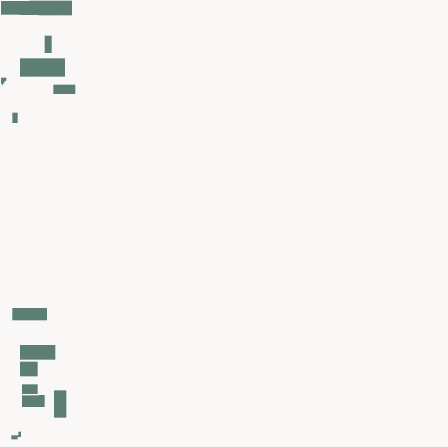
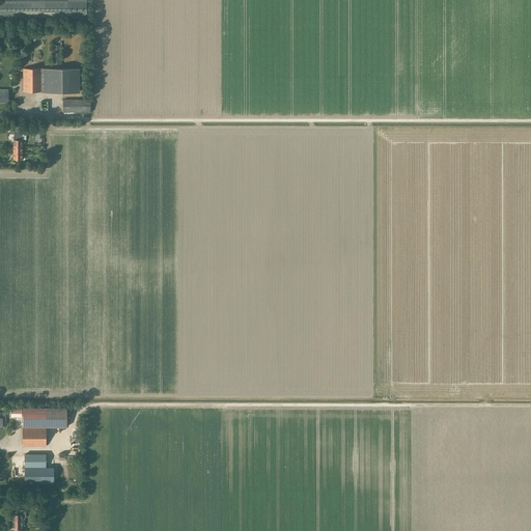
building: [12,307,47,321] -> none
building: [53,389,67,419] -> none

